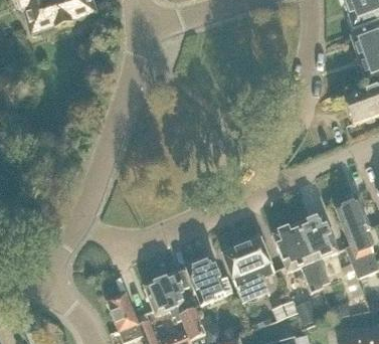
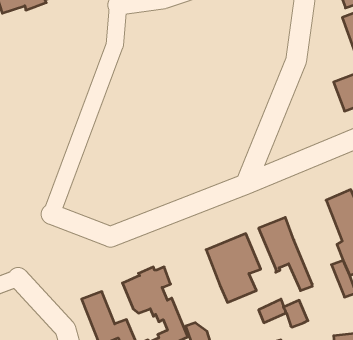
building: [298,211,340,284] -> none
building: [187,256,233,303] -> none

